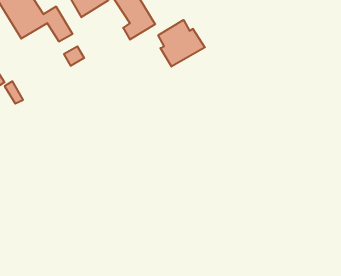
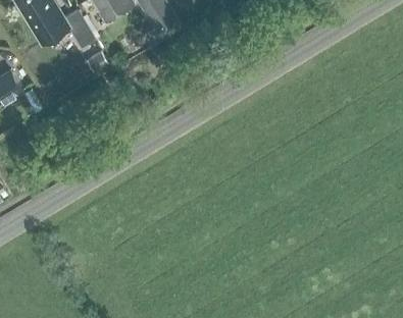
building: [158,20,205,67] -> none

